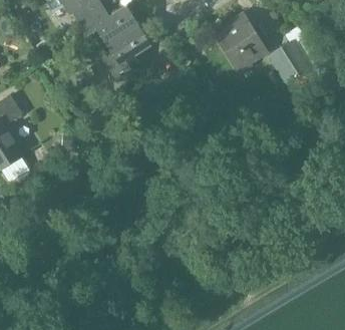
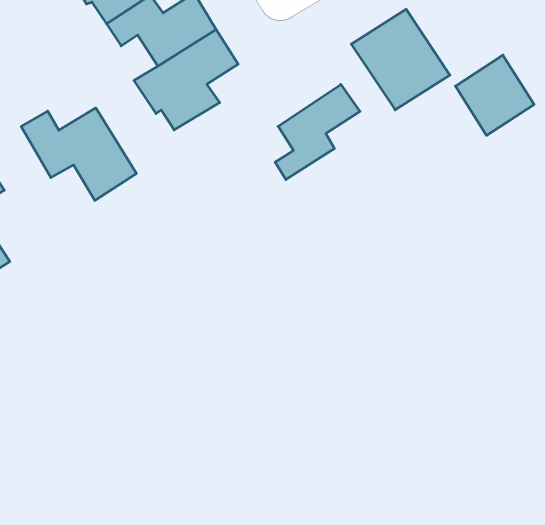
building: none -> [275,84,360,180]
building: none -> [21,108,136,200]

